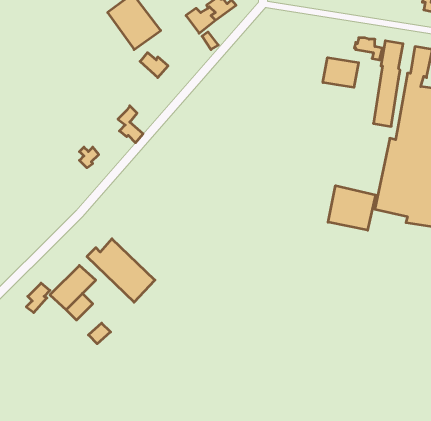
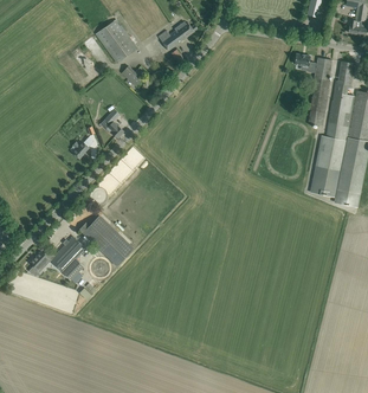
building: [323,58,359,87] -> none
building: [328,186,376,230] -> none

